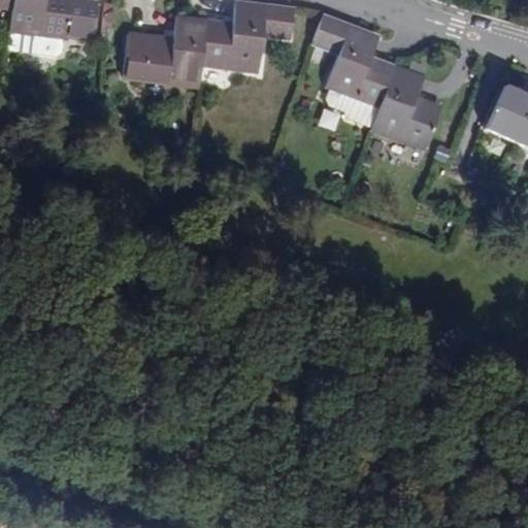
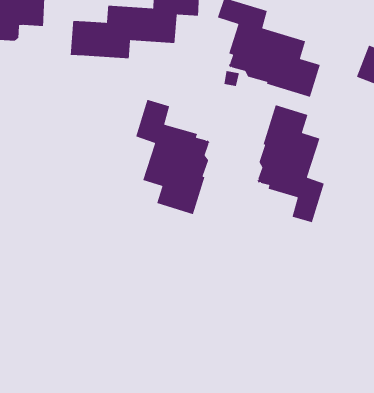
building: none -> [135,99,211,215]
building: none -> [256,104,325,223]

